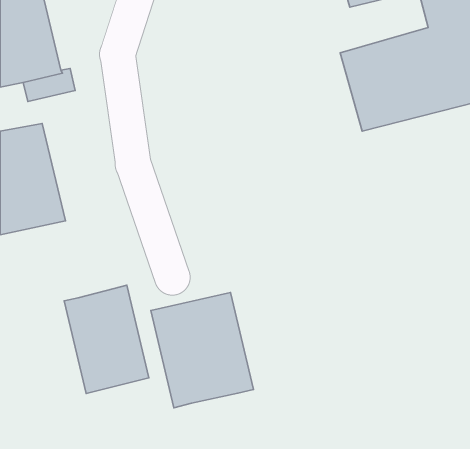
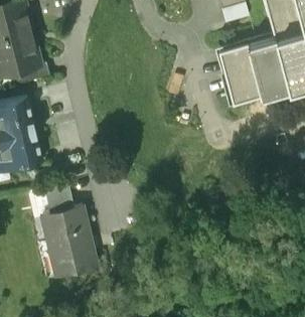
building: none -> [45,184,74,214]
building: [151,292,254,408] -> none

